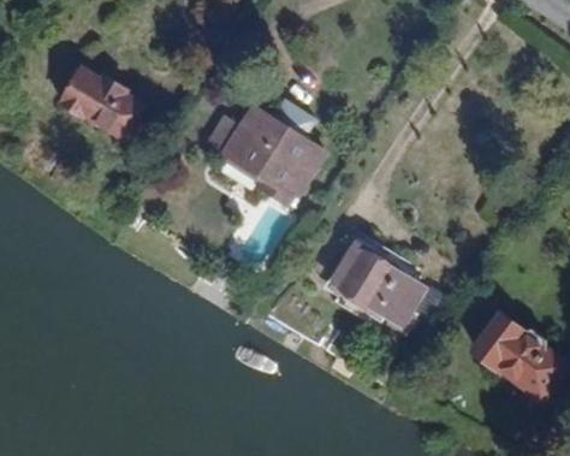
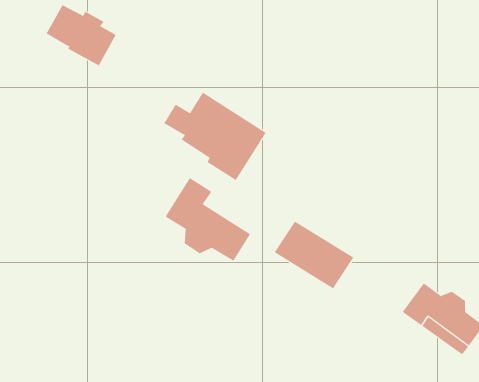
building: [60,70,138,138] -> [46,4,116,66]
building: none -> [165,177,251,262]

